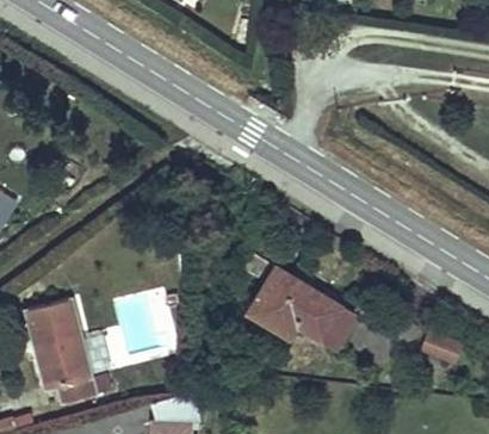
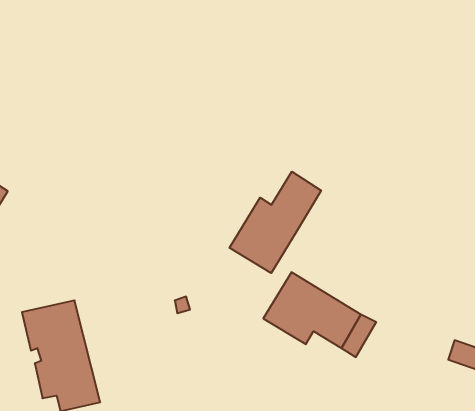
building: none -> [230,172,321,273]

